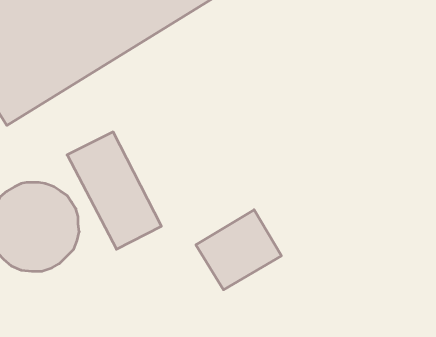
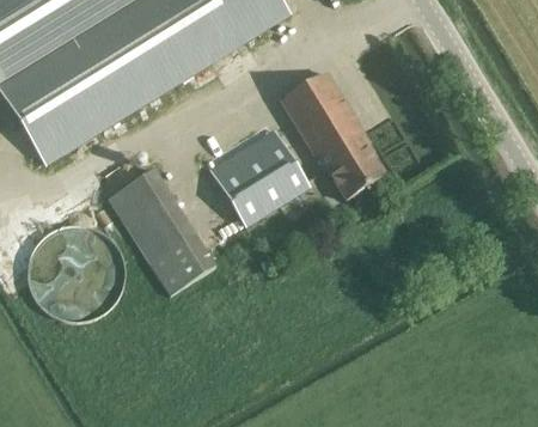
building: none -> [280,69,385,199]
building: [196,210,281,290] -> [215,138,308,225]

